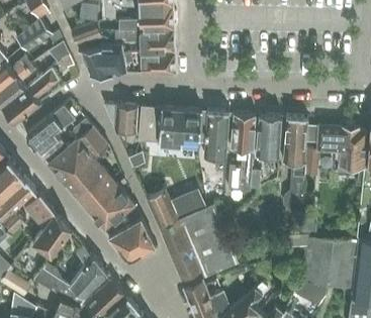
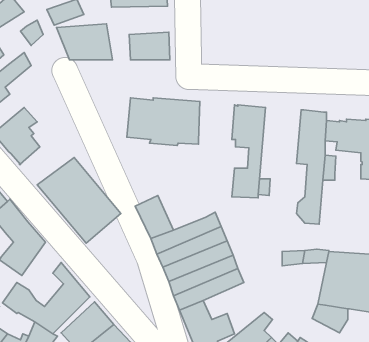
building: [114,29,174,54] -> none
building: [103,104,137,133] -> none
building: [199,110,229,172] -> none
building: [255,115,282,157] -> none
building: [48,119,107,181] -> none
building: [170,189,205,219] -> none
building: [104,205,154,257] -> none

